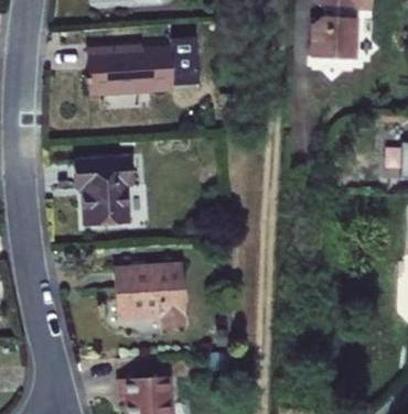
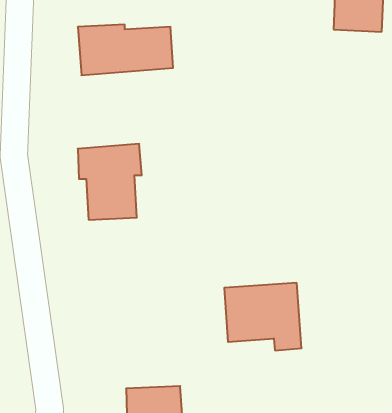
building: [118,264,189,326] -> [224,283,302,350]

